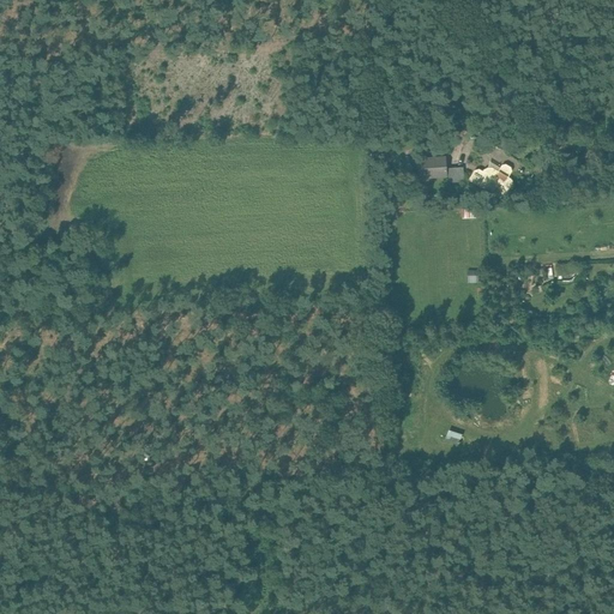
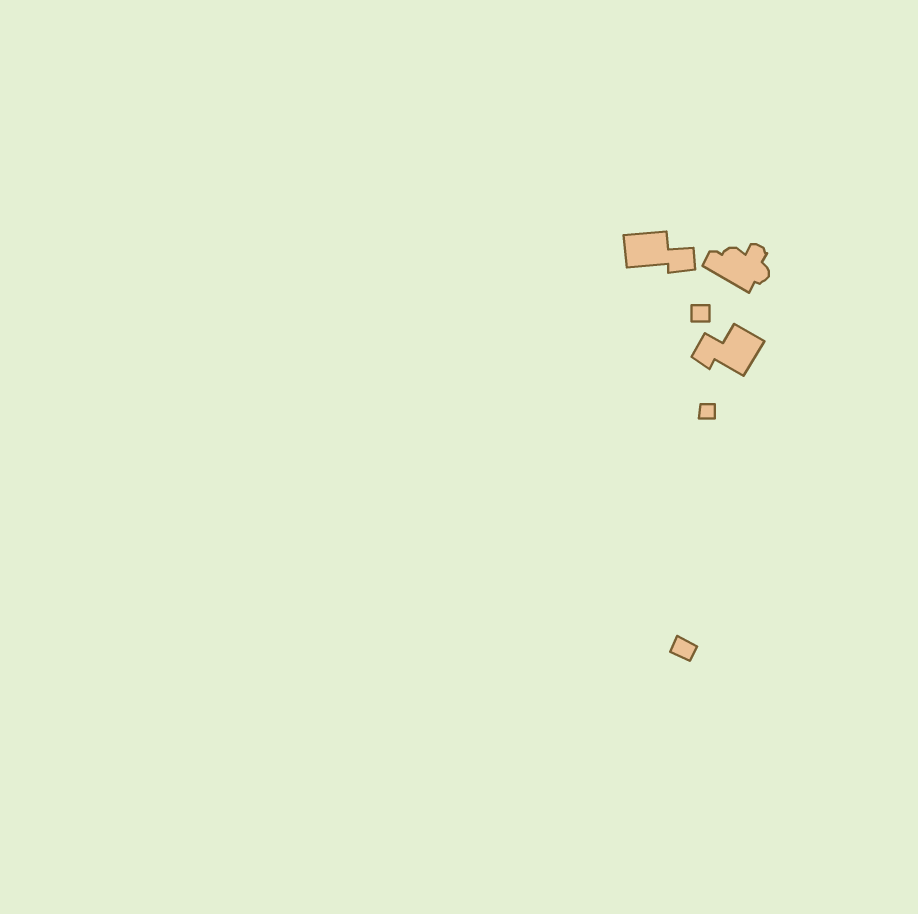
building: none -> [691,324,764,376]

